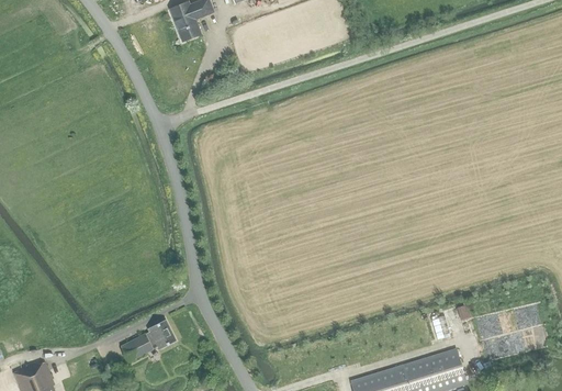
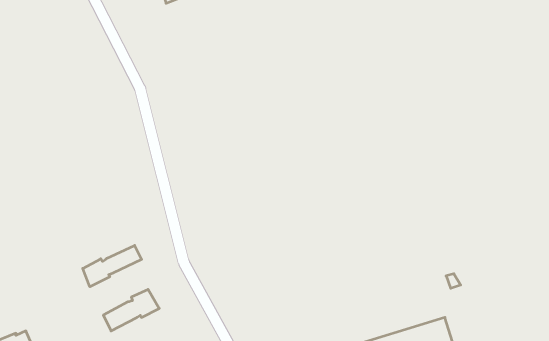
building: none -> [83,245,142,287]

